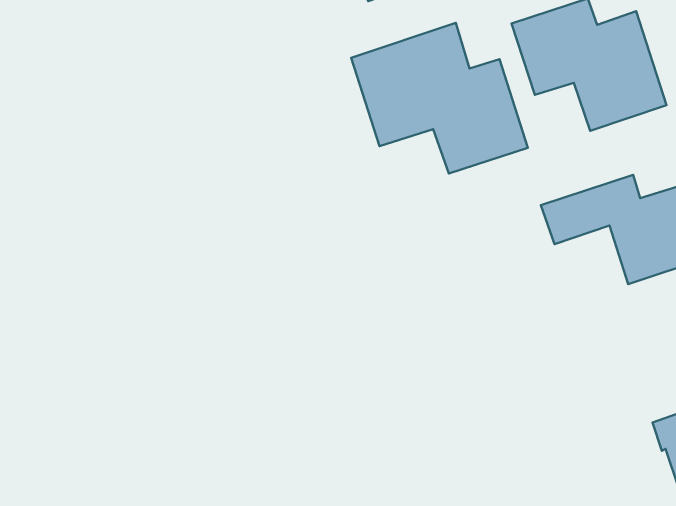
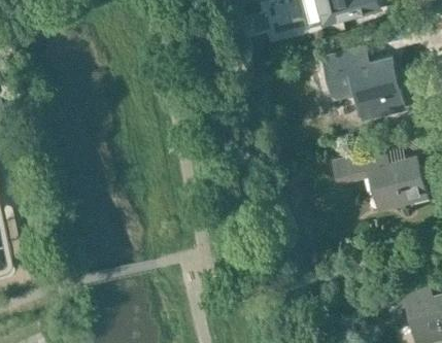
building: [351,23,528,174] -> none

